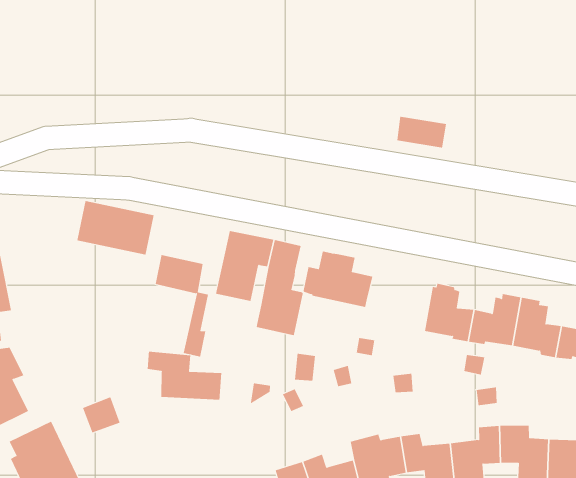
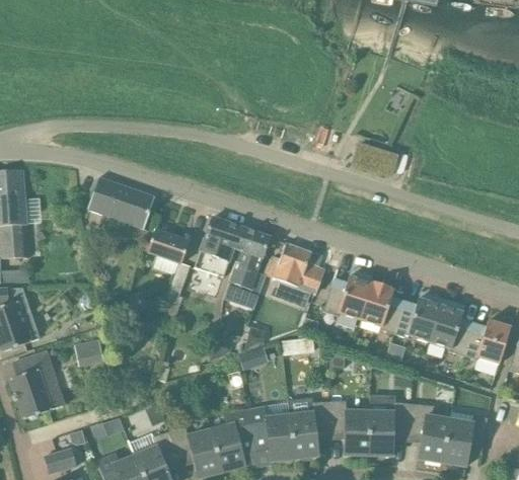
building: none -> [323,276,371,319]
building: [147,351,222,401] -> none

